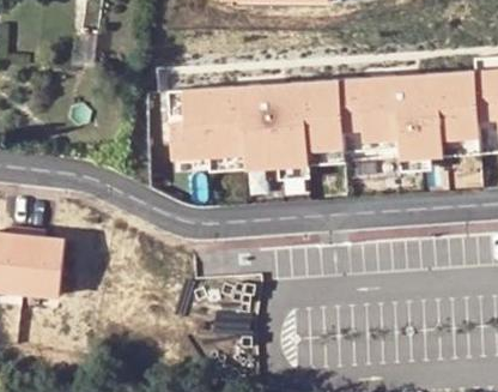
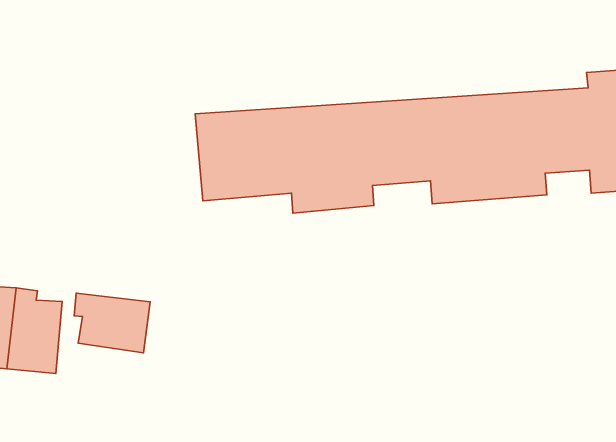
building: none -> [74,293,150,353]

